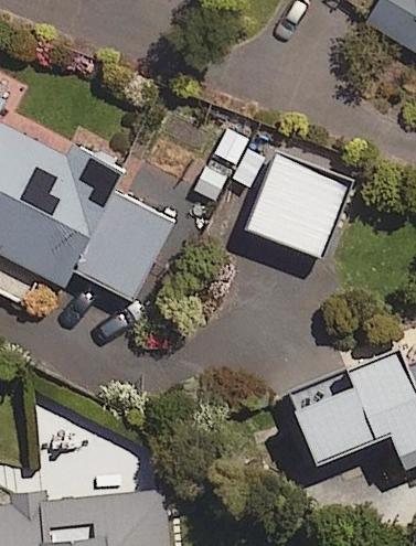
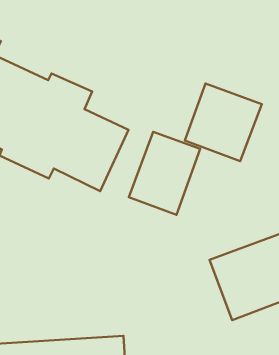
building: none -> [129,132,200,215]

